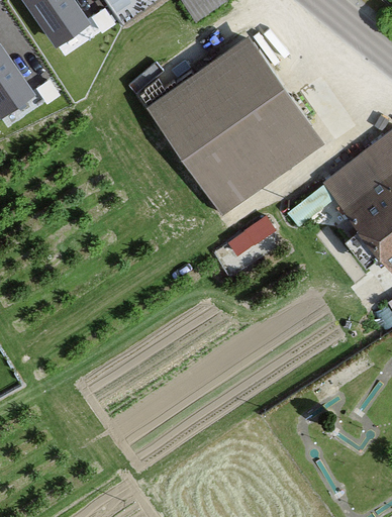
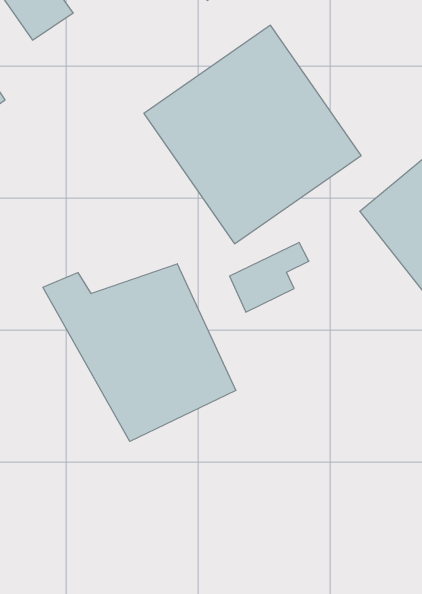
building: none -> [43,264,236,441]

